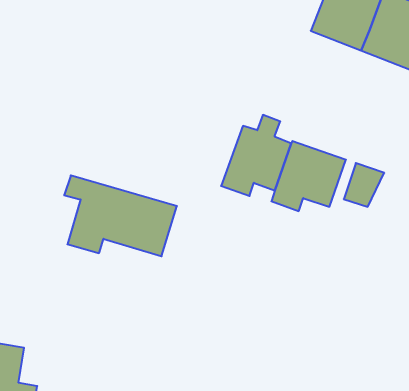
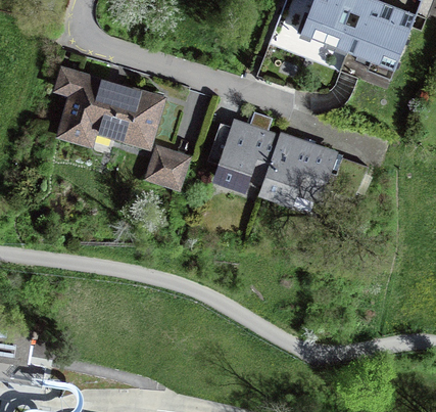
building: none -> [146,149,185,188]
building: [64,175,177,256] -> [55,72,160,147]

